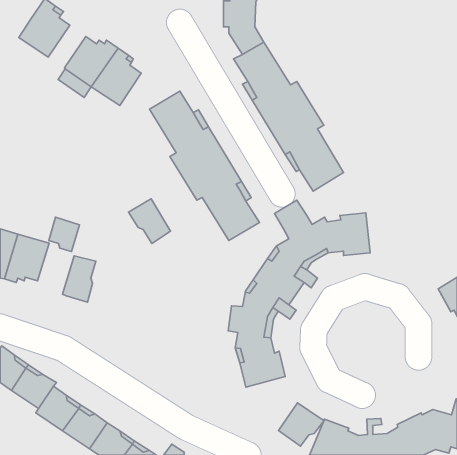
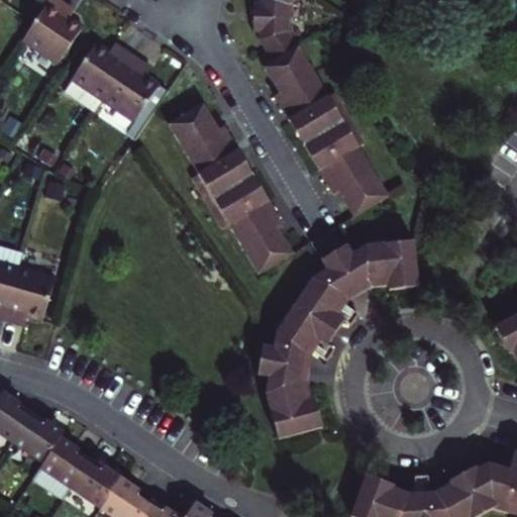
building: [129,199,170,243] -> none
building: [49,217,80,251] -> none
building: [62,256,96,302] -> none
building: [279,403,324,446] -> none

